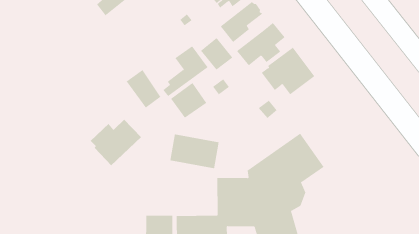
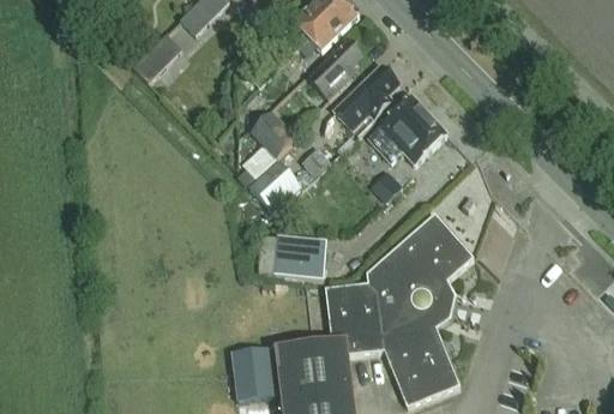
building: [200,37,233,71] -> none
building: [126,69,161,108] -> none
building: [90,119,142,166] -> none

